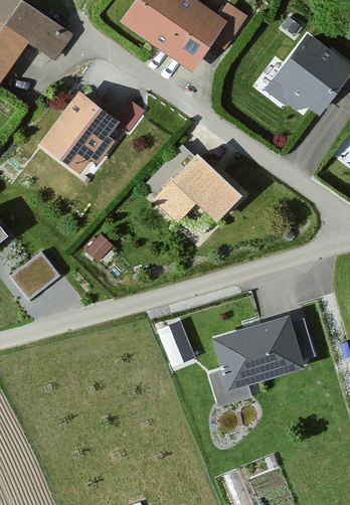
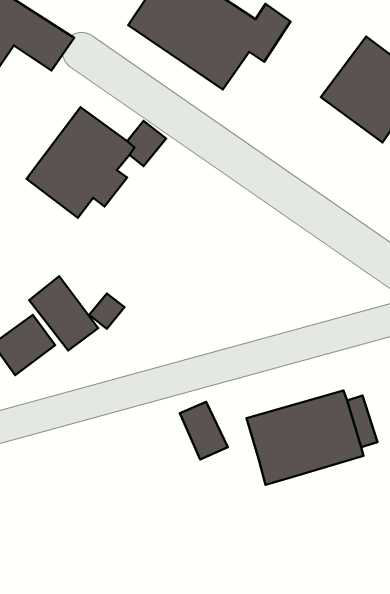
building: [149,147,243,223] -> none
building: none -> [29,276,98,351]
building: [209,370,251,407] -> none

